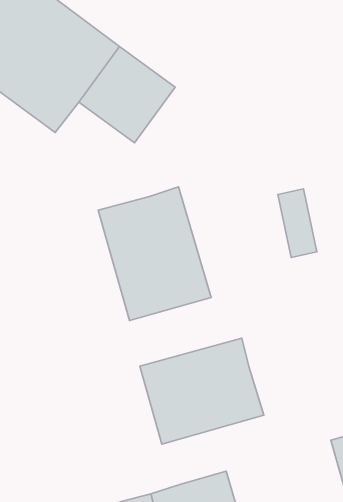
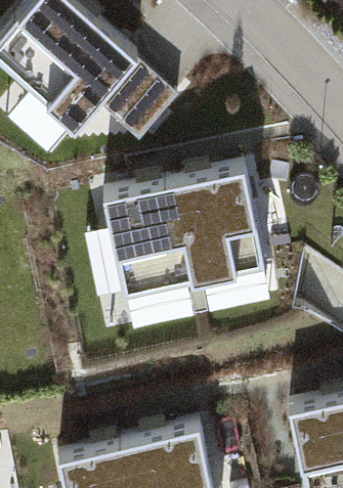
building: none -> [176,169,263,279]
building: [140,338,264,444] -> none

